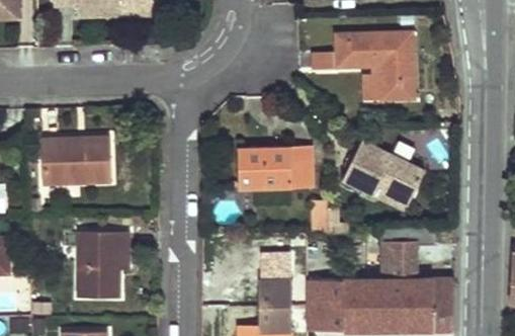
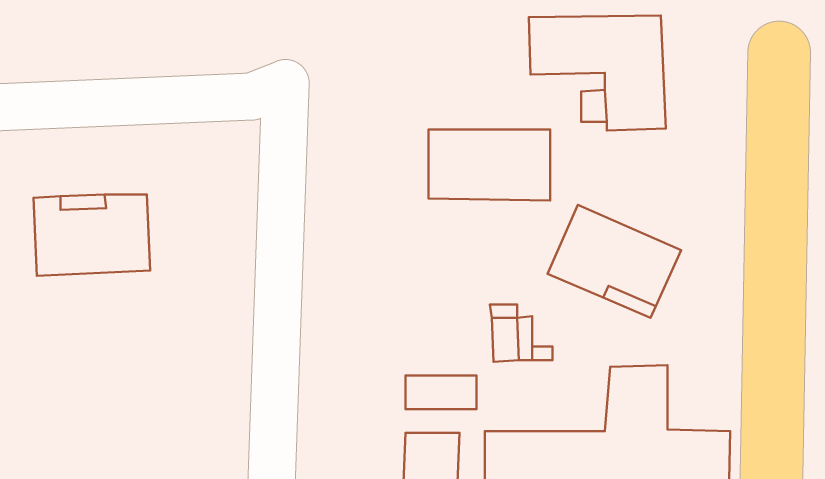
building: [240,154,313,196] -> [428,129,550,200]
building: [75,232,131,299] -> none

